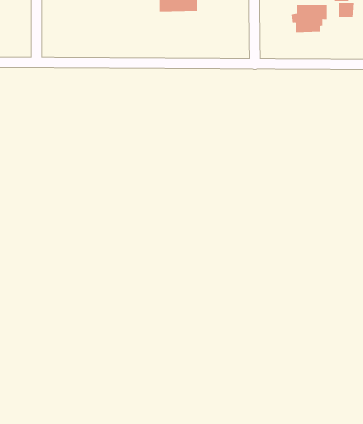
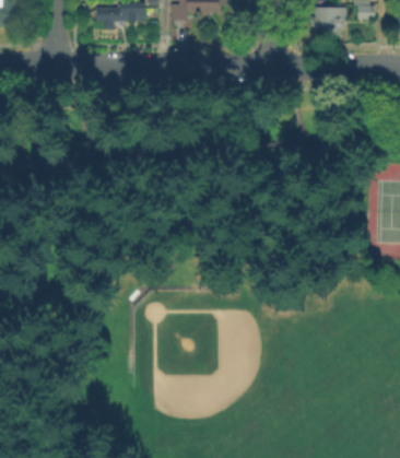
building: none -> [94,9,140,30]

